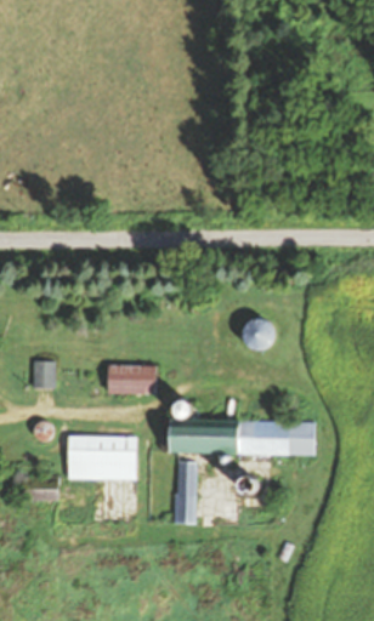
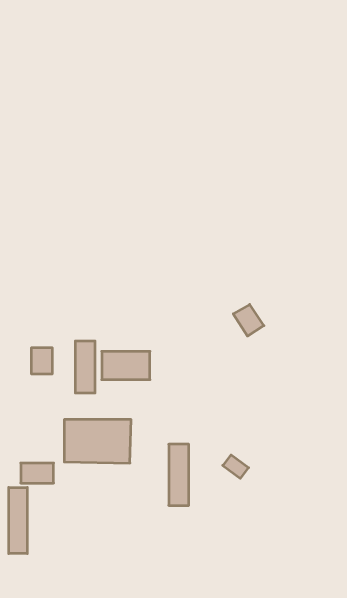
building: none -> [75,341,95,393]
building: [166,422,316,454] -> none
building: none -> [9,487,27,554]

